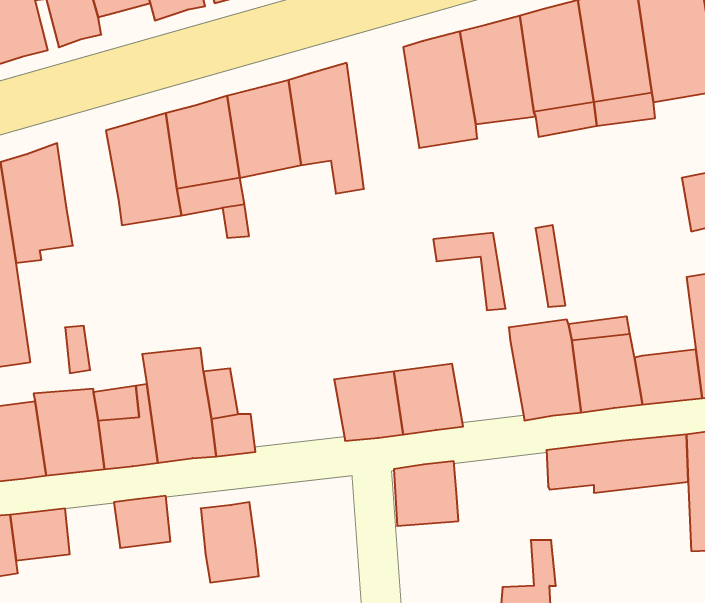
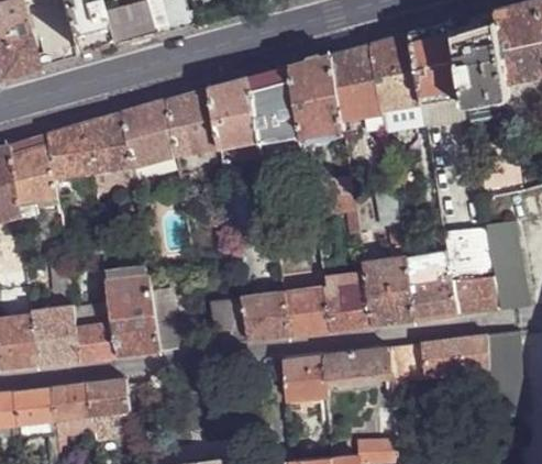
building: none -> [250,65,302,156]
building: none -> [47,123,90,177]
building: none -> [447,229,494,280]
building: none -> [322,269,374,330]
building: none -> [210,297,248,344]
building: none -> [324,346,390,390]
building: [201,502,259,582] -> [53,383,93,439]

